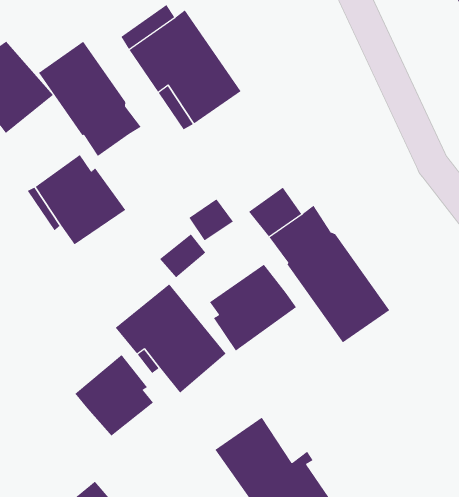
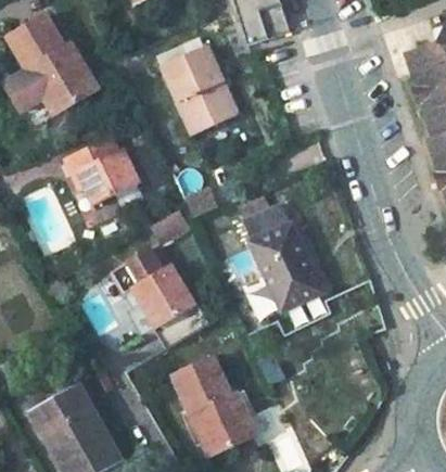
building: [38,41,141,157] -> none
building: [209,264,297,352] -> none
building: [75,354,154,437] -> none

